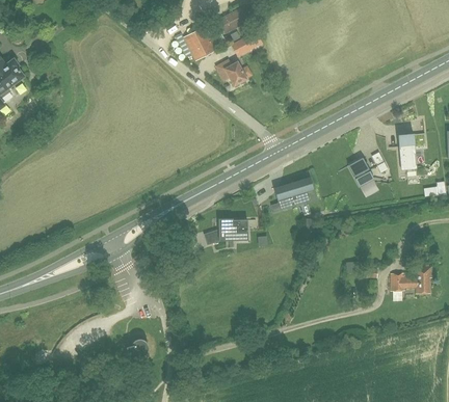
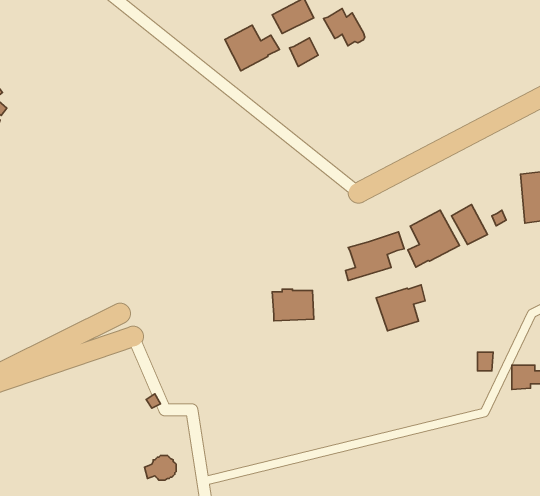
building: [215,58,245,85] -> [323,8,365,46]
building: none -> [408,210,460,267]
building: none -> [376,285,425,331]

